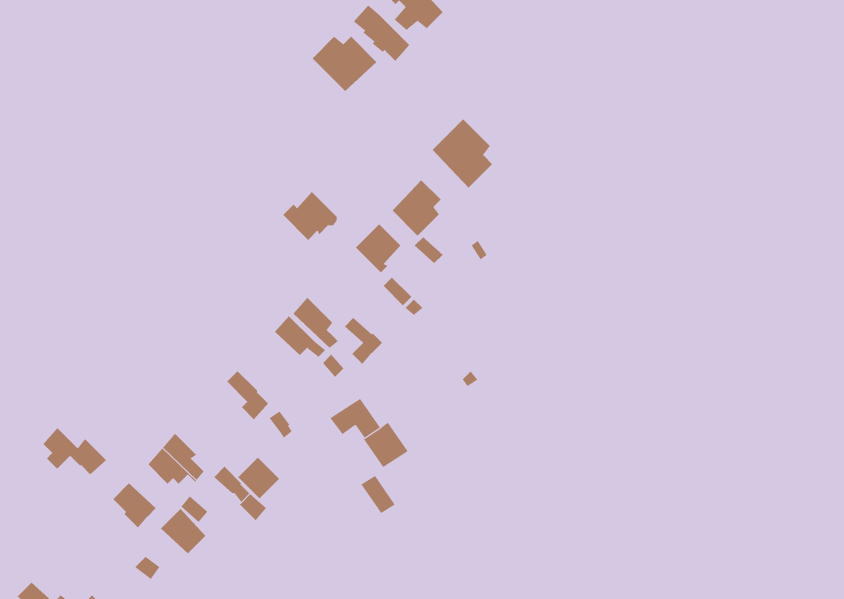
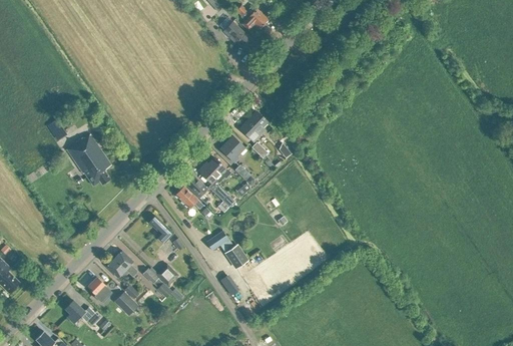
building: [312,36,377,92] -> none
building: [432,119,493,189] -> none
building: [282,191,338,241] -> [198,157,228,185]
building: none -> [66,133,110,186]
building: [42,427,107,475] -> [65,300,100,326]

